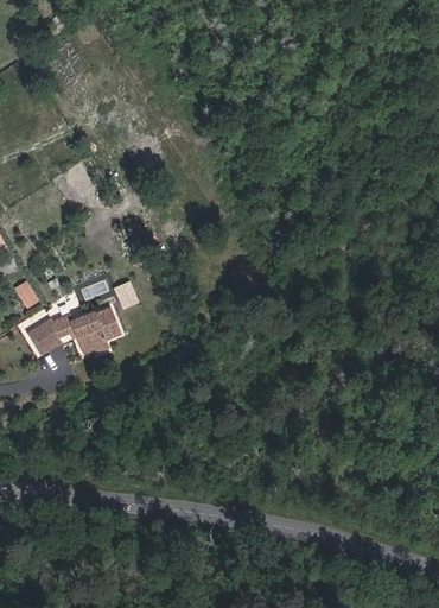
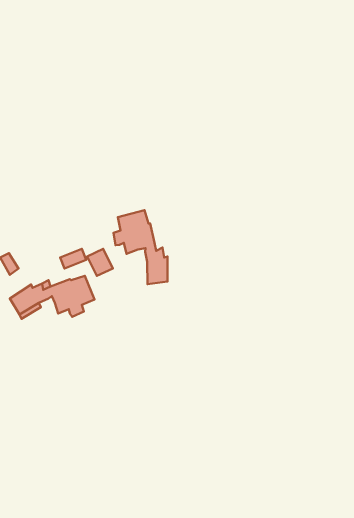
building: none -> [113,210,168,284]

